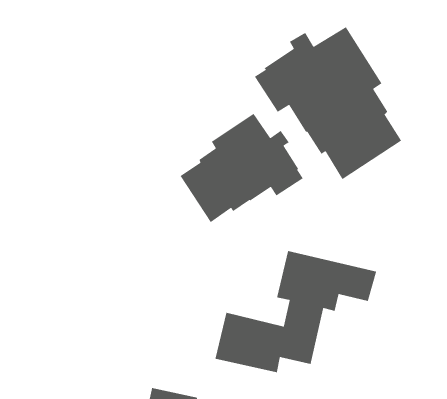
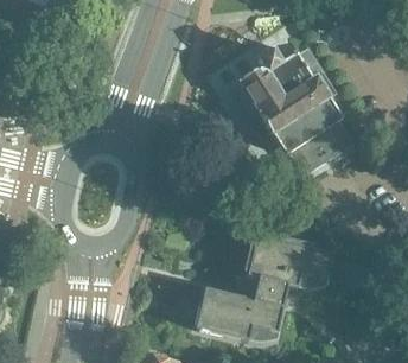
building: [180,113,304,223] -> none

